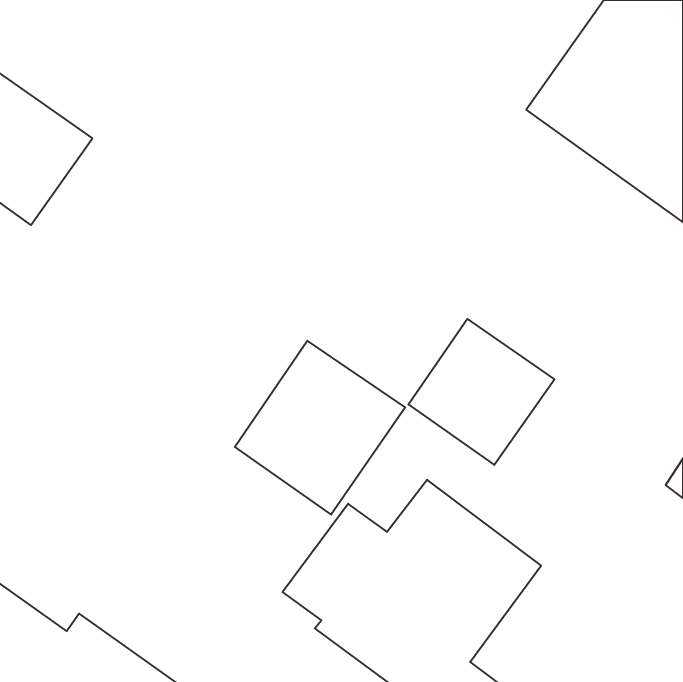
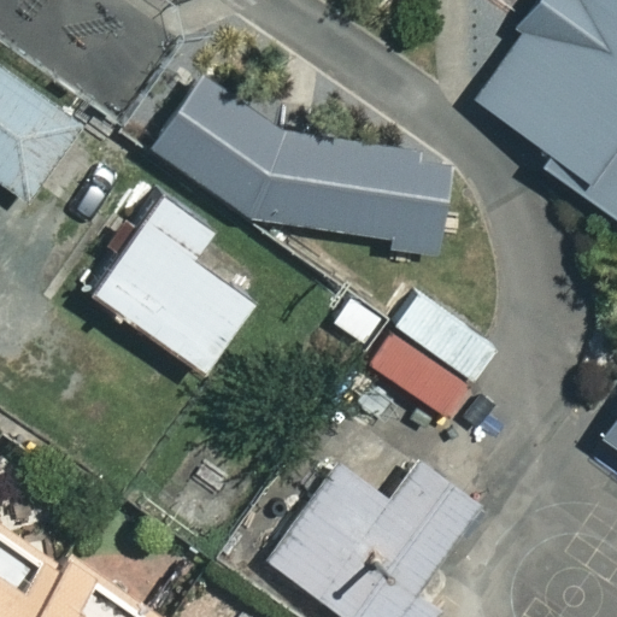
building: none -> [152,74,457,262]
building: none -> [92,195,254,376]
building: [235,341,405,515] -> none

